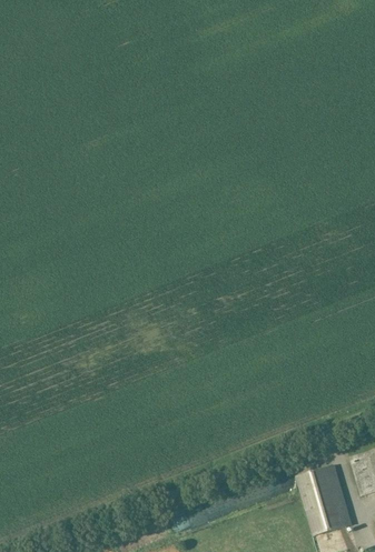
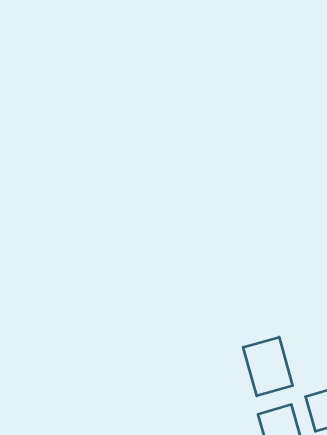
building: none -> [243,337,293,396]

